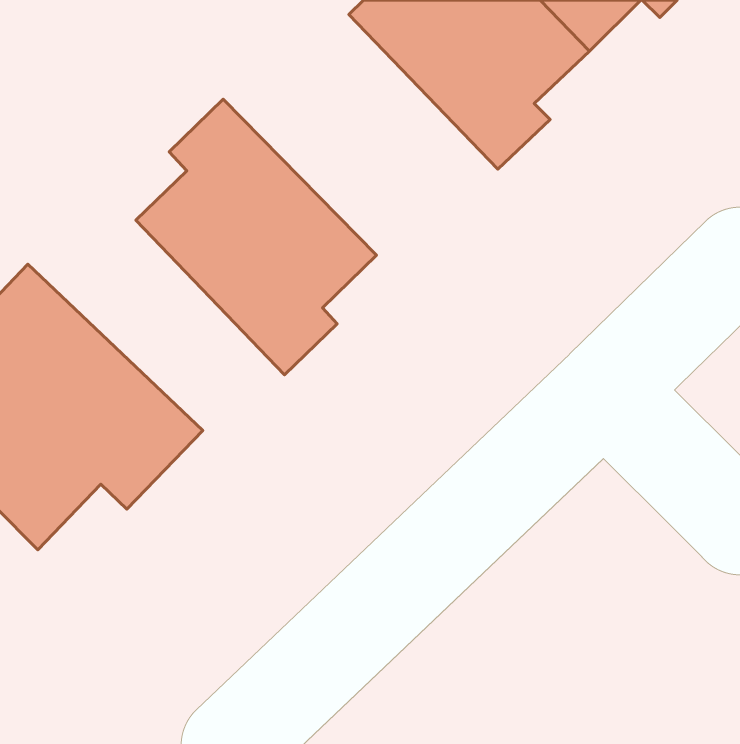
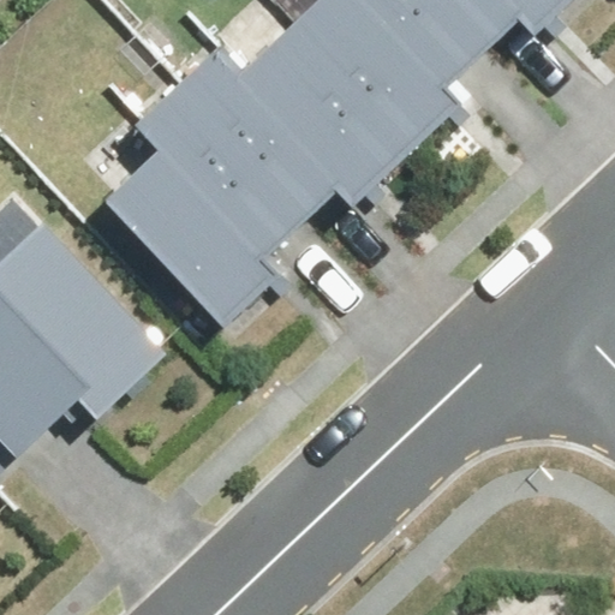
building: none -> [184,13,410,211]

